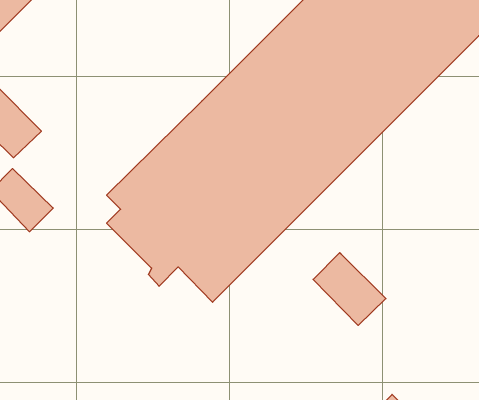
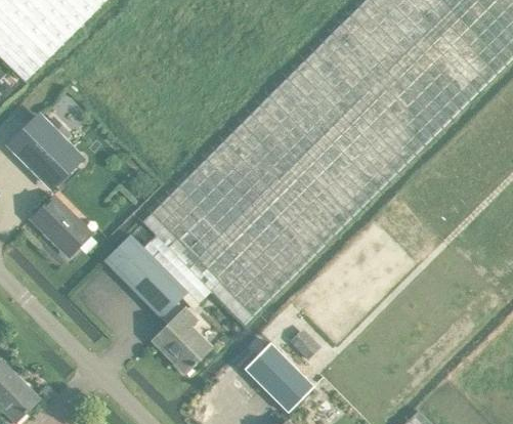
building: none -> [103,236,185,317]
building: [313,253,386,325] -> [244,343,313,413]
building: none -> [155,308,211,373]

